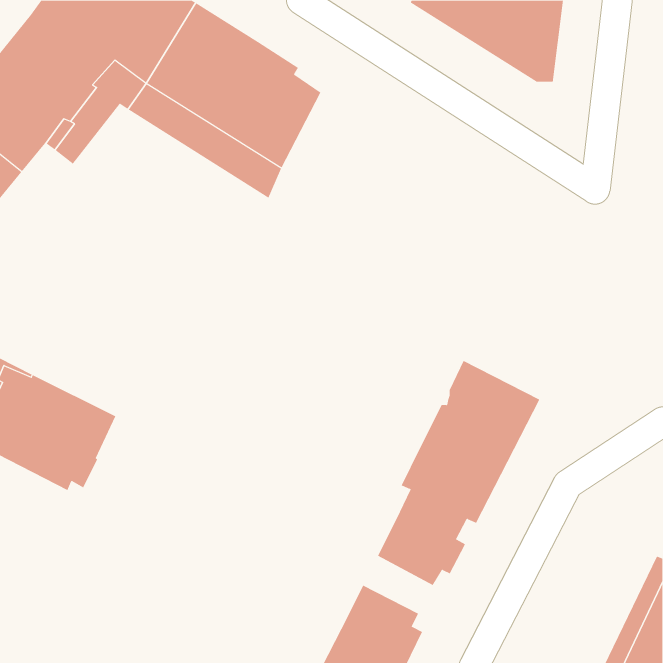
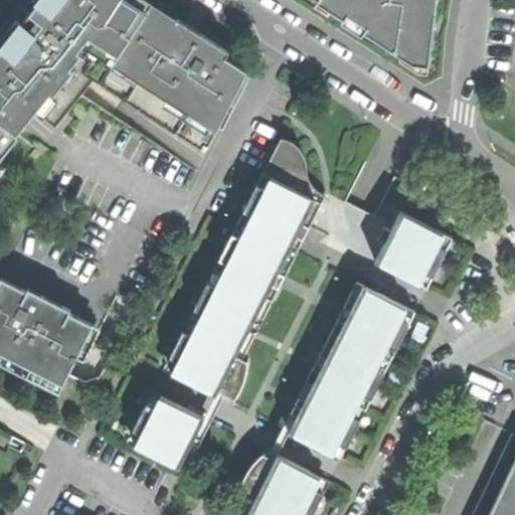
building: none -> [171,150,321,401]
building: none -> [375,211,453,287]
building: none -> [135,396,205,469]

